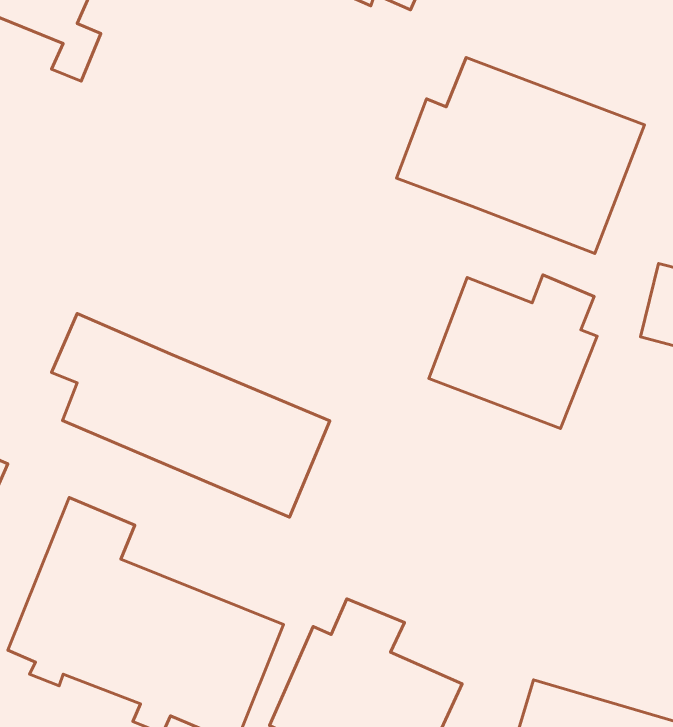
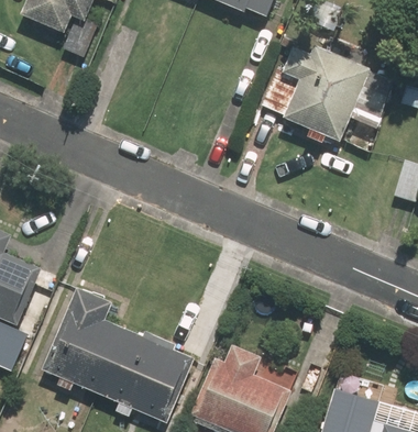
building: [429,275,597,429] -> none
building: [52,314,330,517] -> none

